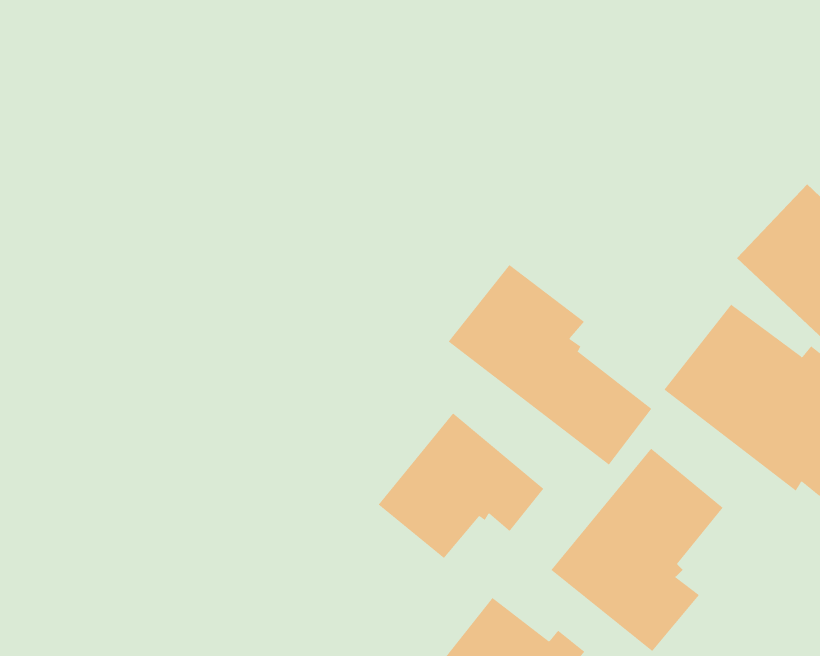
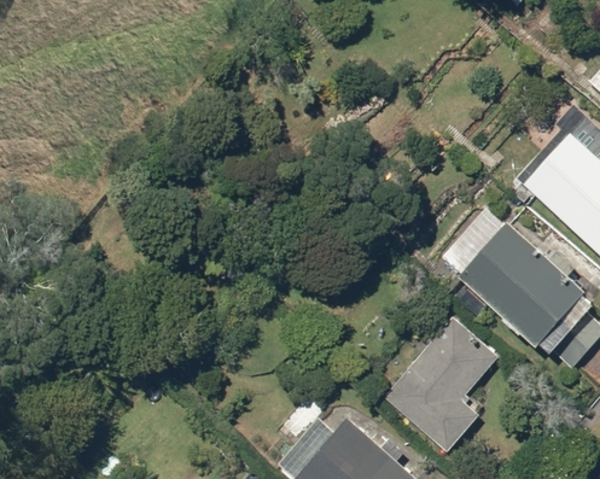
building: [448,264,652,465] -> none
building: [378,413,544,559] -> none

